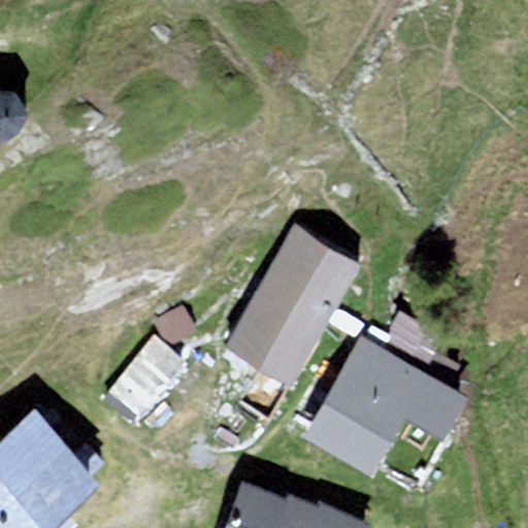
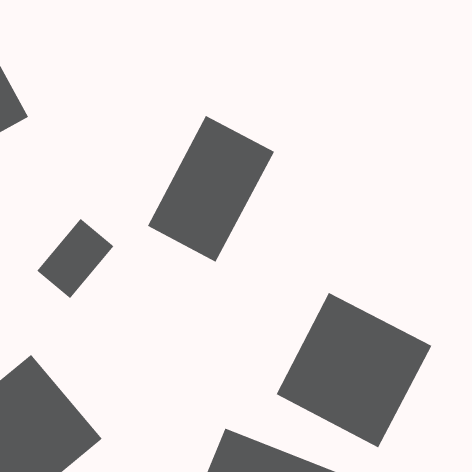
building: [223,224,363,386] -> [147,115,275,263]
building: [97,340,183,429] -> [36,218,115,299]

